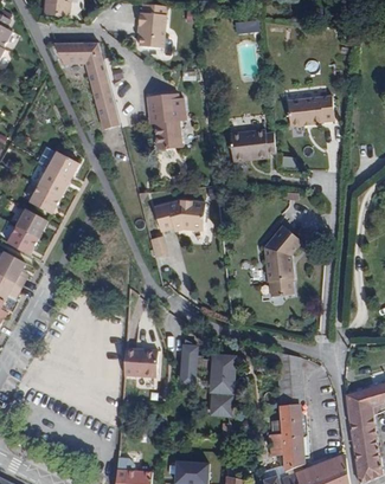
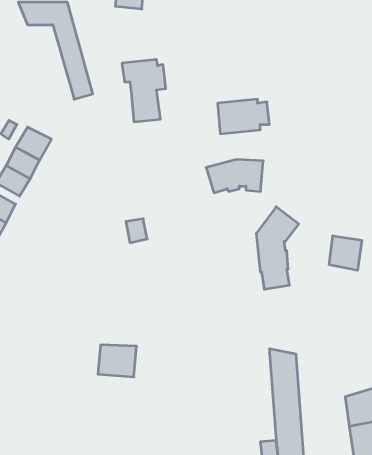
building: [285,92,333,123] -> none
building: [153,202,204,232] -> [206,160,263,193]
building: none -> [329,236,362,270]
building: [181,337,233,413] -> none

